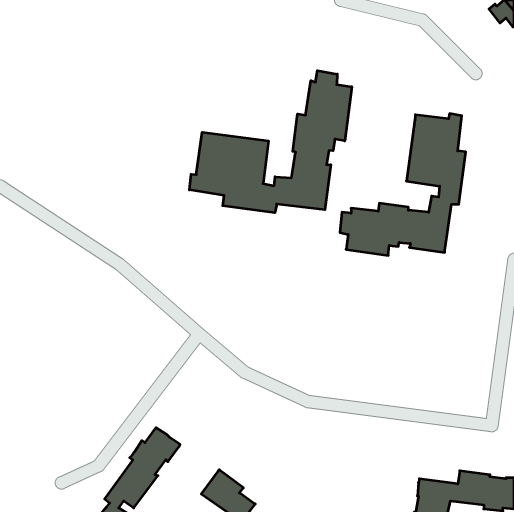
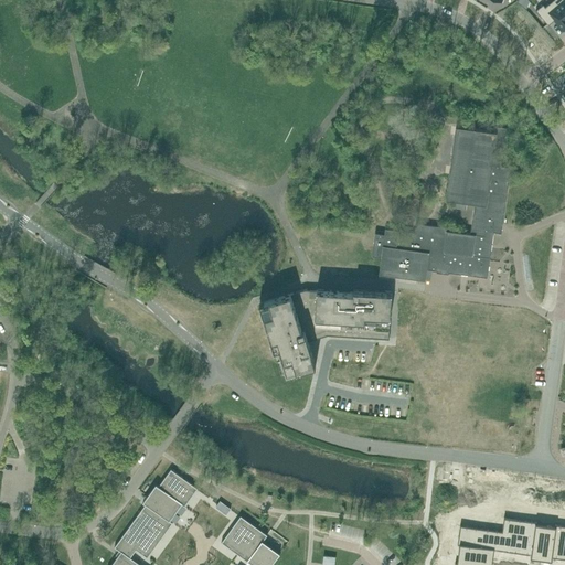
building: [189,71,352,213] -> none
building: none -> [259,291,392,376]

